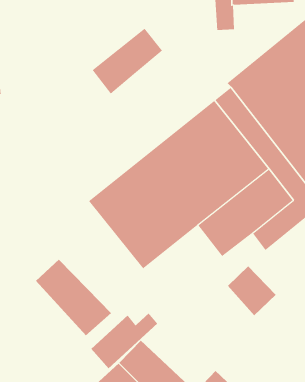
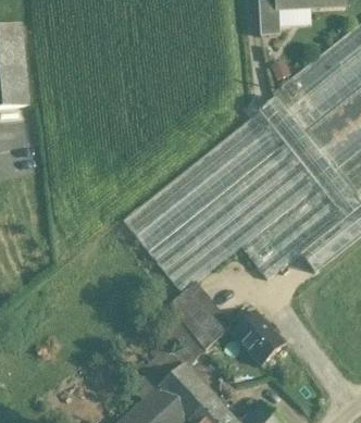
building: [92,28,163,94] -> none
building: [35,259,112,336] -> none
building: [227,266,277,316] -> [232,311,285,365]
building: none -> [176,291,232,348]

